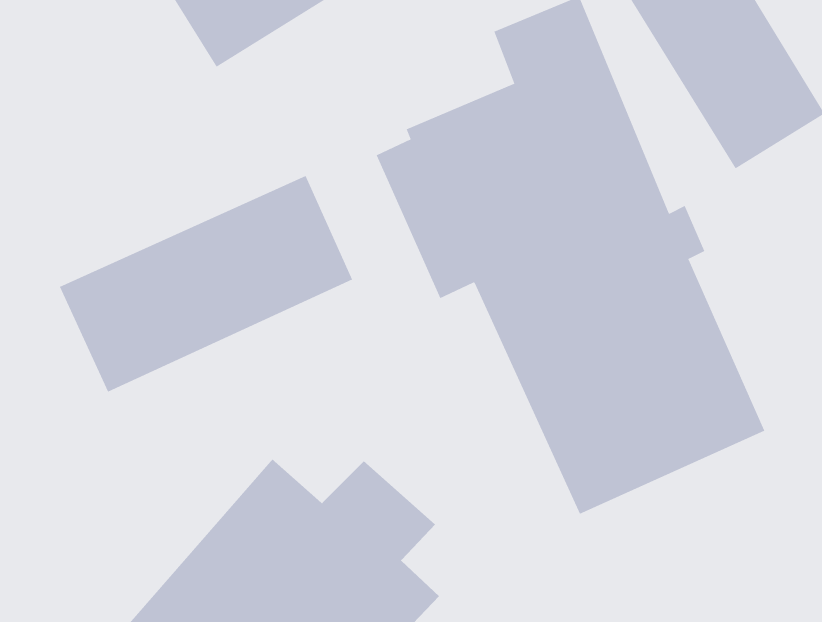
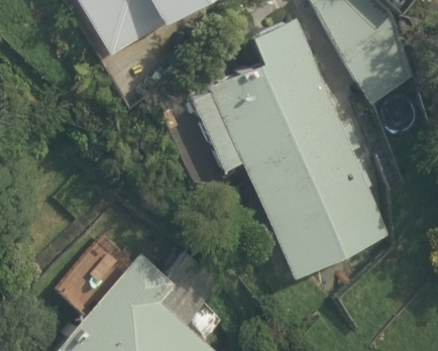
building: [59,175,353,392] -> none

